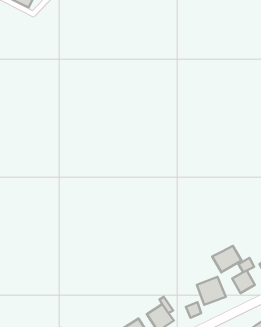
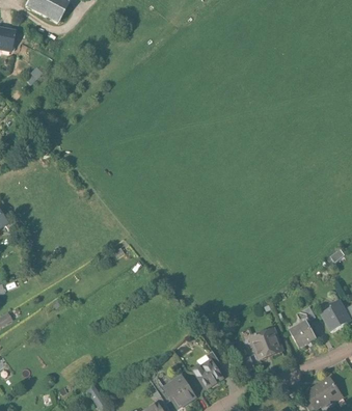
building: [212,246,242,273] -> none

